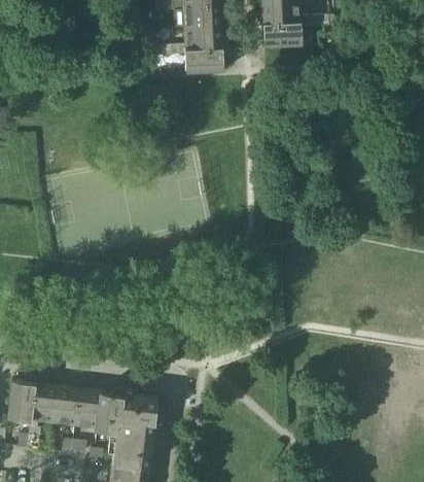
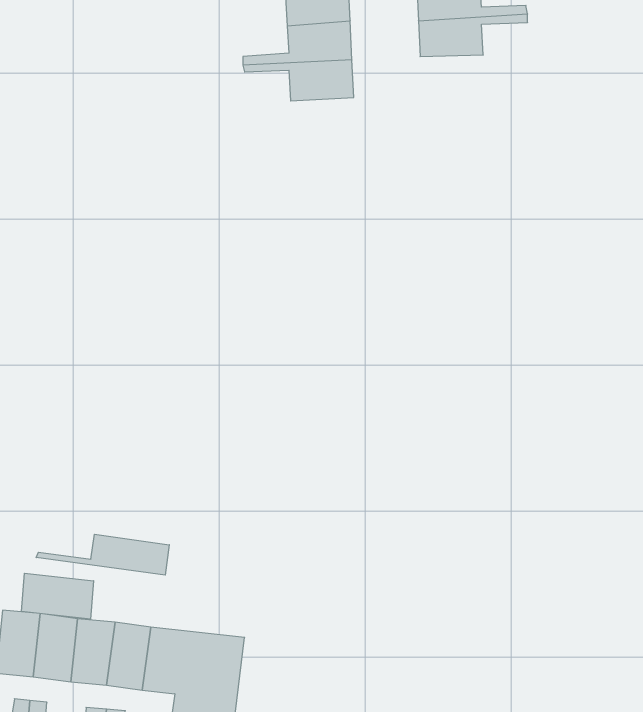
building: none -> [36,534,169,575]
building: none -> [22,573,94,619]

